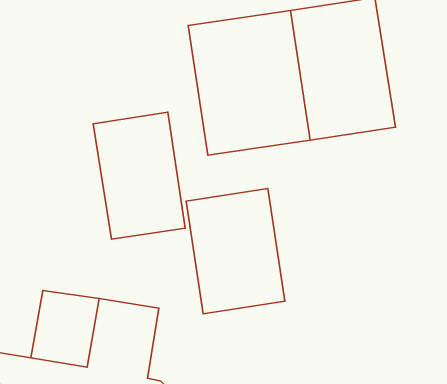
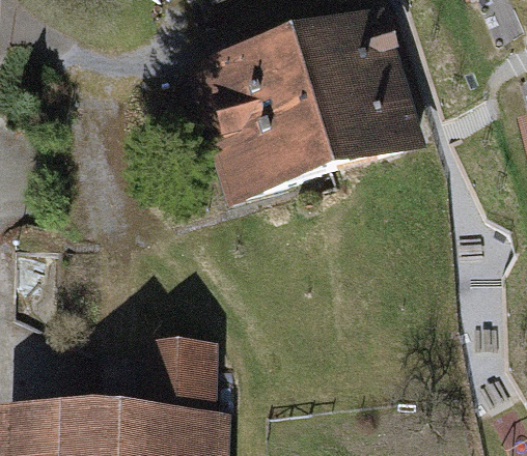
building: [93,112,185,239] -> none
building: [186,188,285,314] -> none

